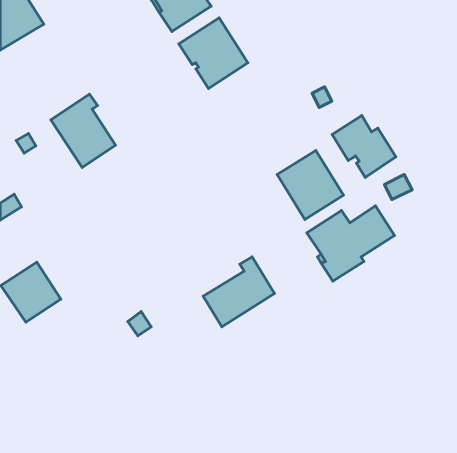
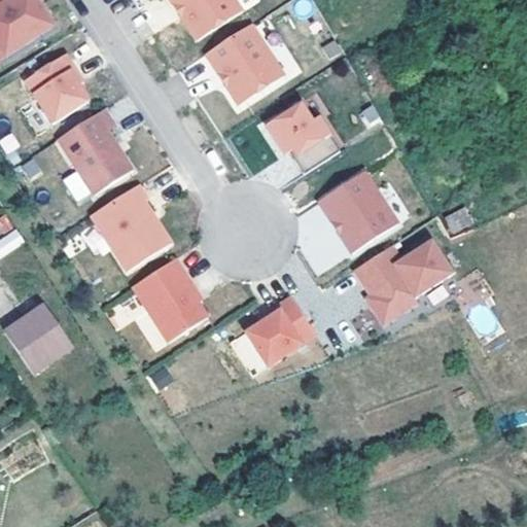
building: none -> [24,54,89,125]
building: [332,116,396,177] -> [267,100,340,171]
building: none -> [87,183,168,270]
building: none -> [130,257,205,341]

